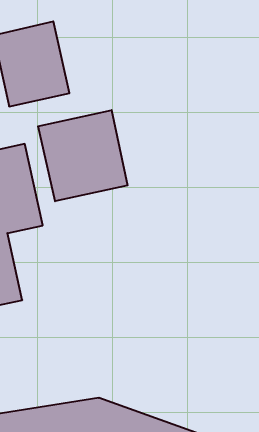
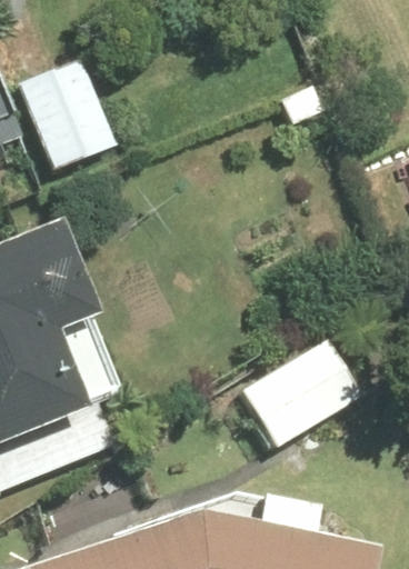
building: [38,110,128,201] -> none
building: none -> [233,342,359,459]

